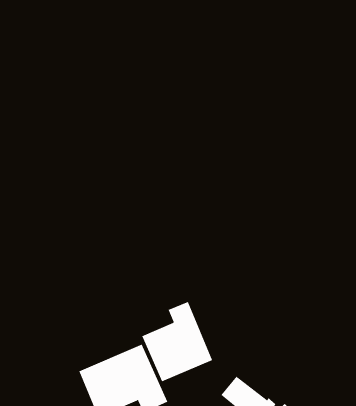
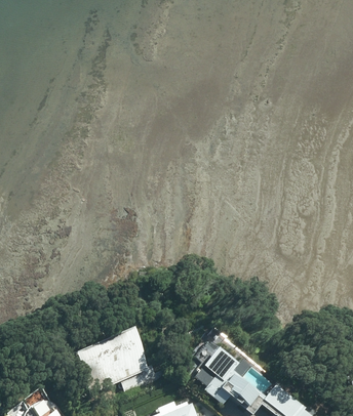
building: [141,301,213,382] -> none

